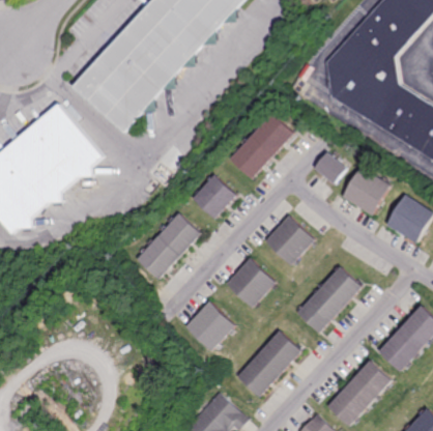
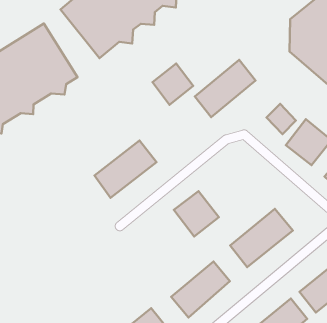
building: [195,173,239,219] -> [152,63,193,105]
building: [267,217,313,262] -> none
building: [187,300,237,350] -> none

